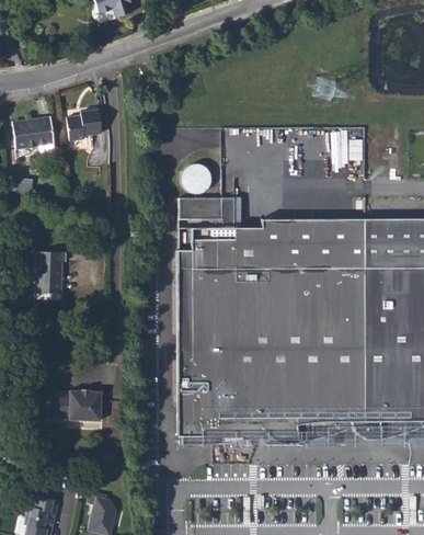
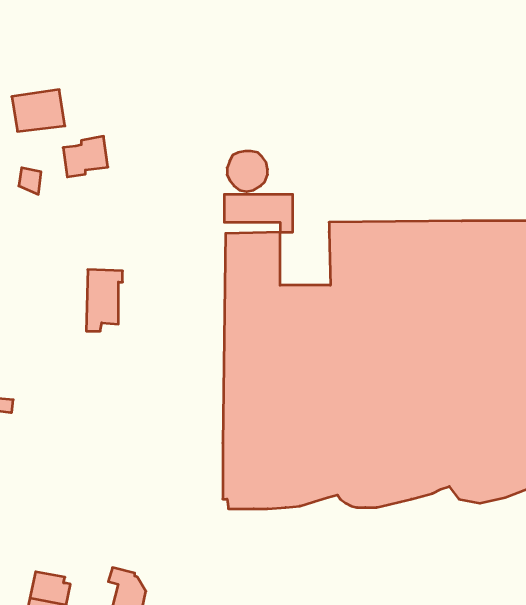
building: [67,109,102,140] -> [63,136,108,177]
building: [222,227,262,269] -> none
building: [36,250,65,298] -> [86,270,123,331]
building: [43,387,98,423] -> none

